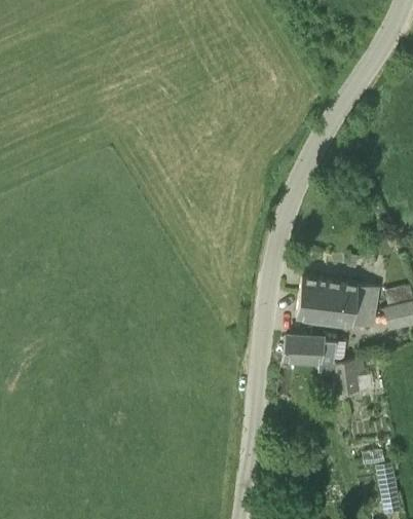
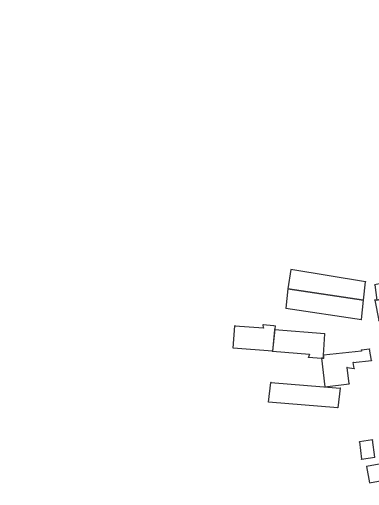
building: none -> [233,325,275,351]
building: none -> [269,382,340,408]

